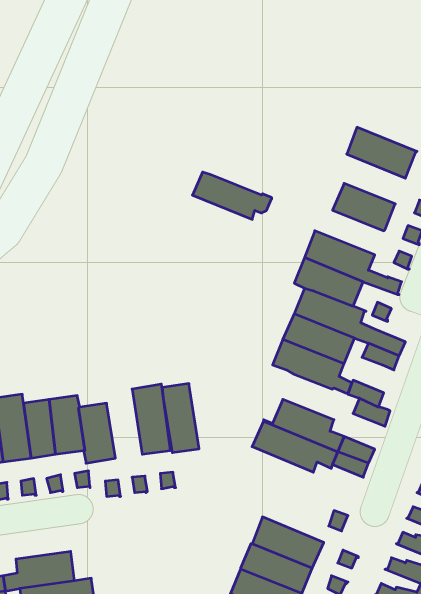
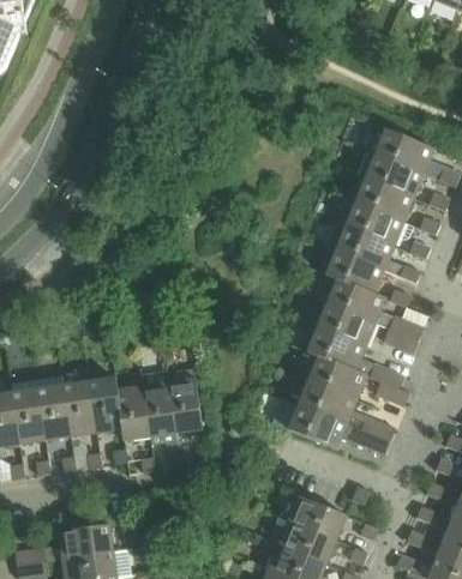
building: none -> [359,151,425,198]
building: [192,172,272,219] -> [340,201,414,246]
building: none -> [304,354,368,400]
building: [162,384,199,453] -> [143,372,178,436]

